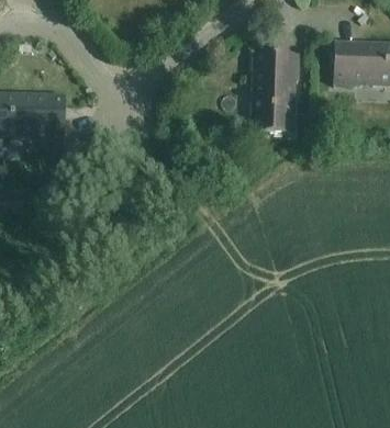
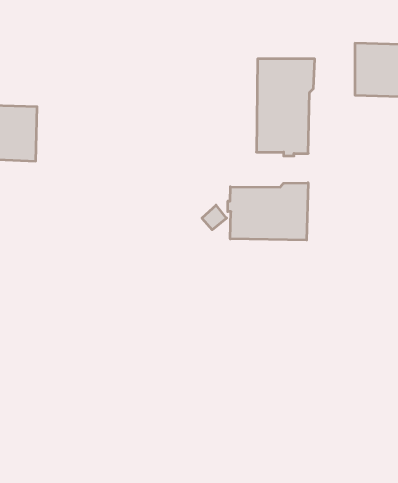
building: none -> [228,183,308,240]

